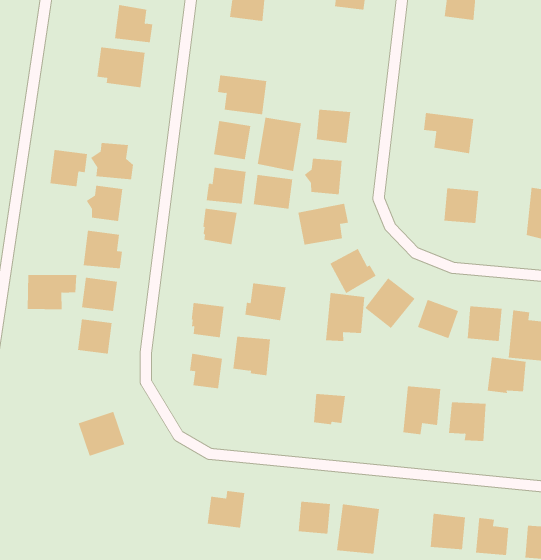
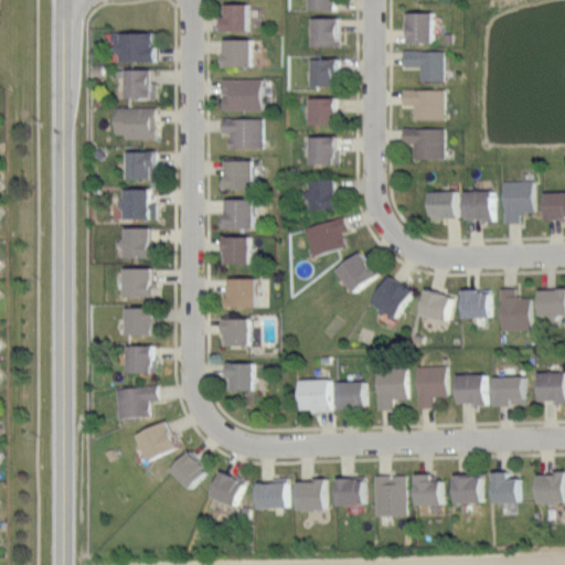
building: none -> [308,60,335,87]
building: none -> [399,50,443,82]
building: none -> [218,79,258,111]
building: none -> [307,99,333,126]
building: none -> [399,89,443,120]
building: [257,117,302,172] -> none
building: [50,150,88,187] -> [124,151,153,181]
building: [253,174,293,209] -> none
building: none -> [461,191,493,220]
building: [27,275,77,310] -> [113,384,157,419]
building: [245,283,286,321] -> [222,279,255,309]
building: [325,292,365,341] -> [373,369,405,411]
building: [232,336,271,376] -> [298,380,329,412]
building: [487,357,526,394] -> [491,377,523,407]
building: none -> [168,454,205,491]
building: none -> [210,472,242,504]
building: none -> [294,480,323,510]
building: none -> [412,475,441,507]

